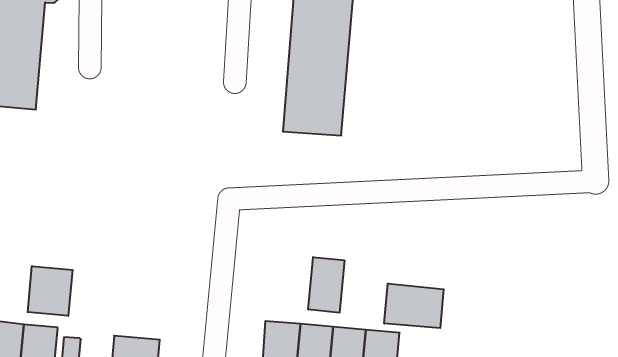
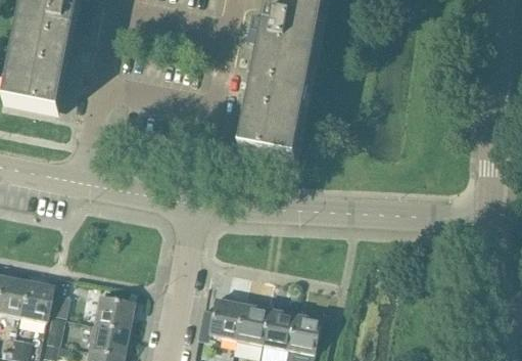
building: [308,257,344,313] -> none
building: [28,266,73,316] -> none
building: [384,283,444,328] -> none

